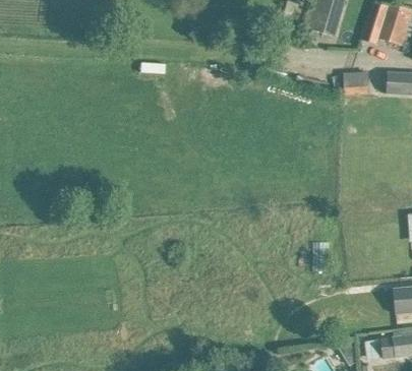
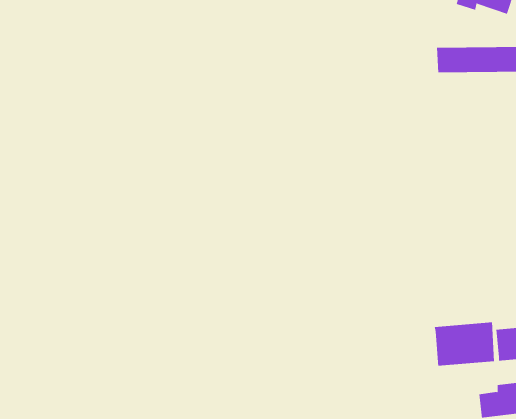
building: none -> [434,322,494,367]

